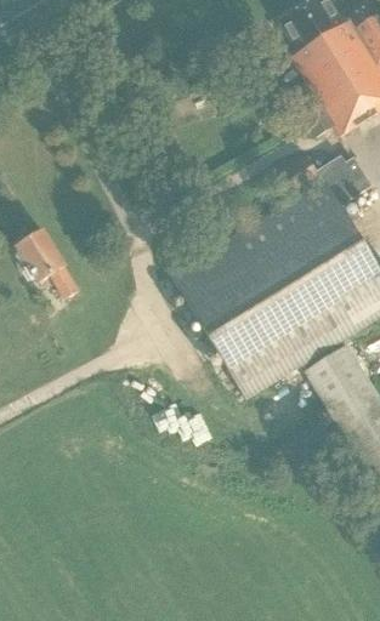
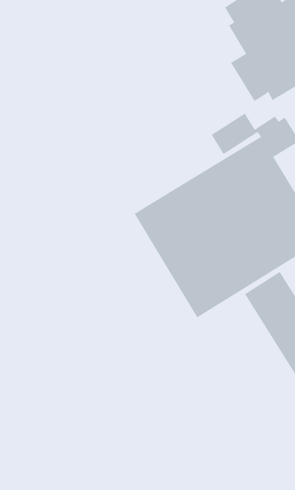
building: [18,232,81,300] -> none

